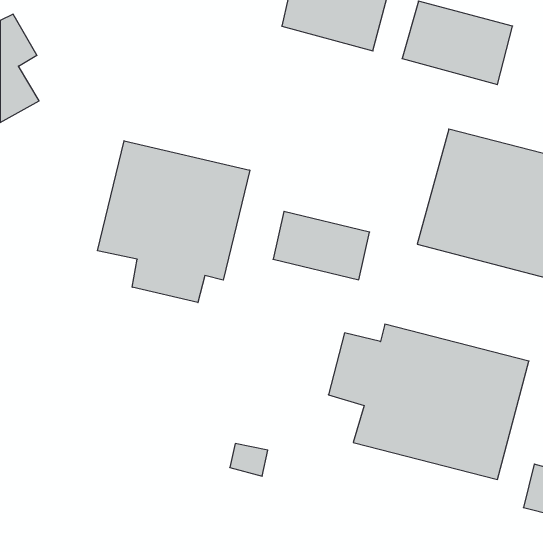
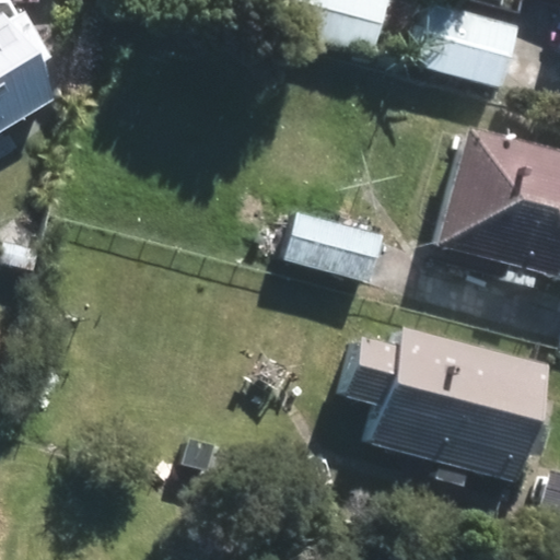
building: [98,141,250,303] -> none

